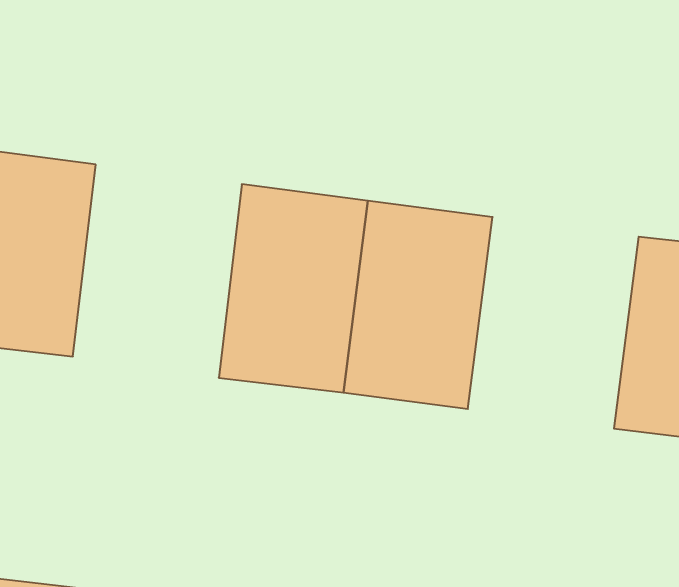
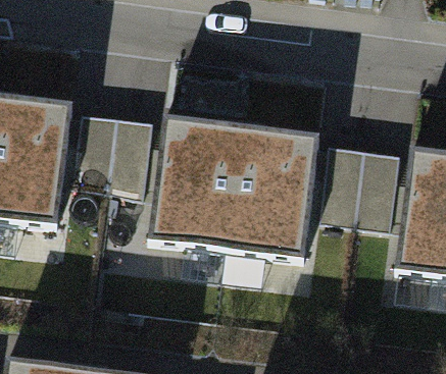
building: none -> [73,110,162,193]
building: none -> [325,145,408,224]

